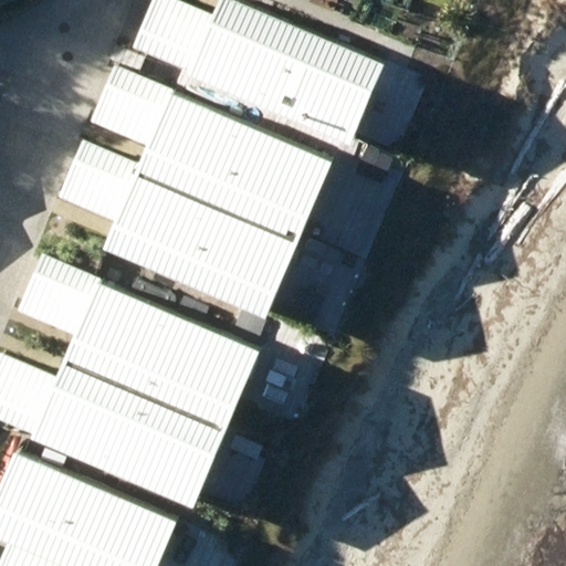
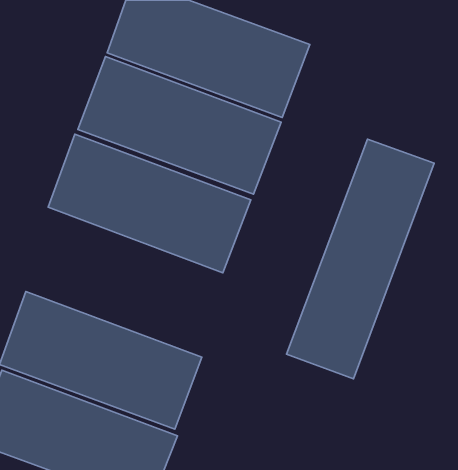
building: none -> [286,139,434,379]
building: [34,262,276,427] -> none

